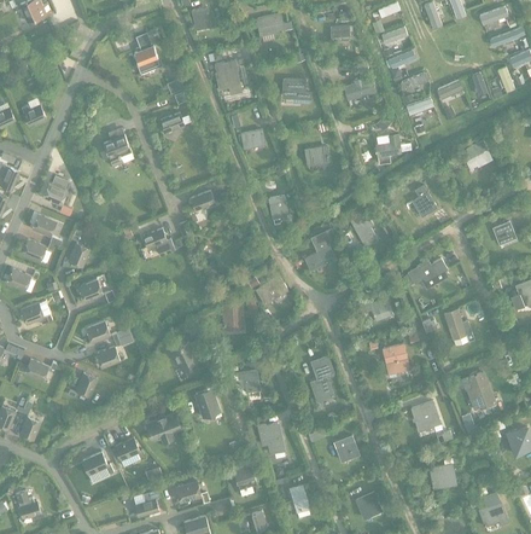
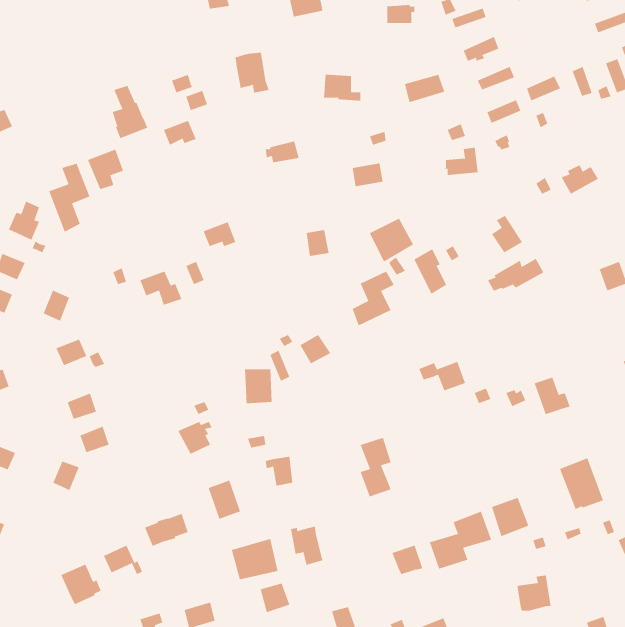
building: [133,33,161,74] -> [112,85,148,139]
building: none -> [48,163,90,233]
building: none -> [369,218,414,262]
building: [402,259,445,284] -> [487,258,544,291]
building: [380,344,407,375] -> none
building: none -> [429,511,492,569]
building: none -> [231,538,278,580]

